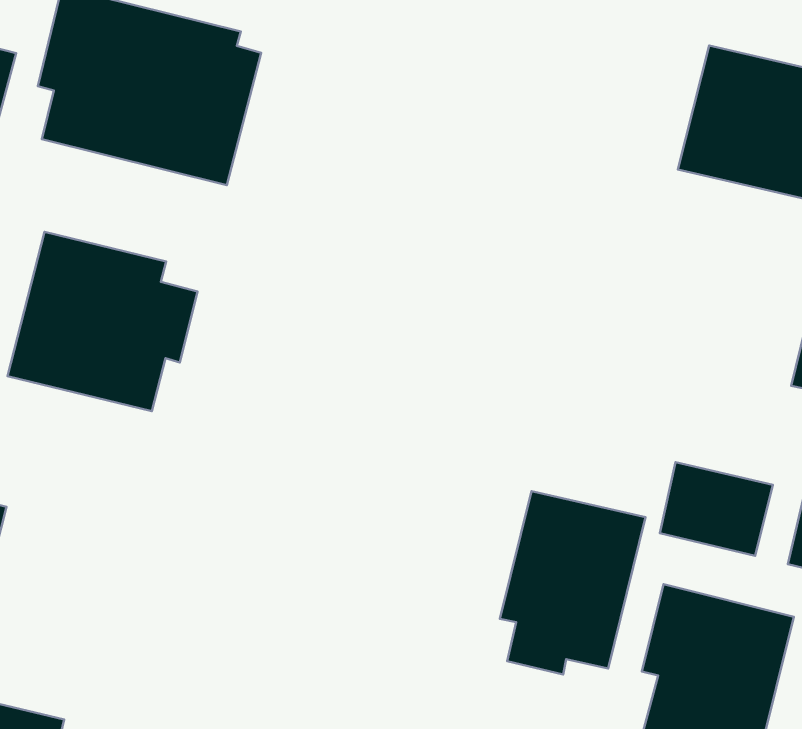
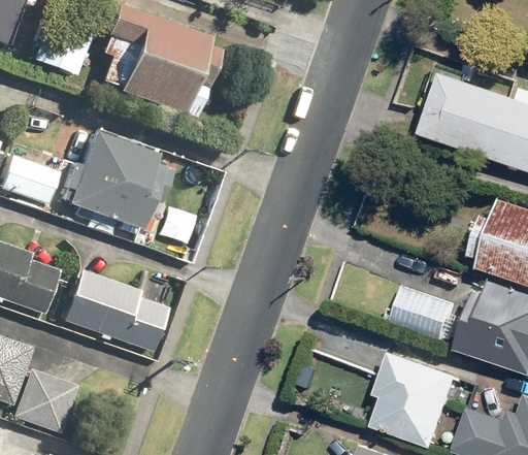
building: [500,491,646,675] -> none
building: none -> [56,272,161,355]

